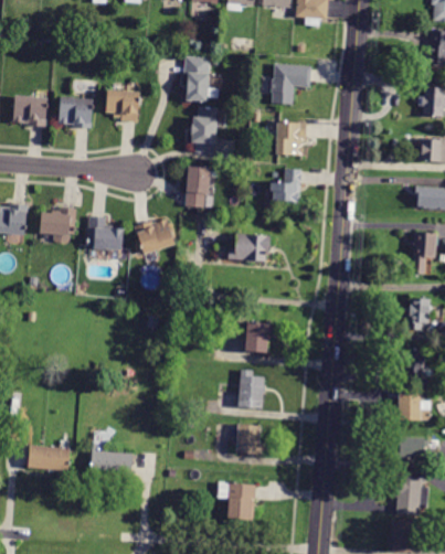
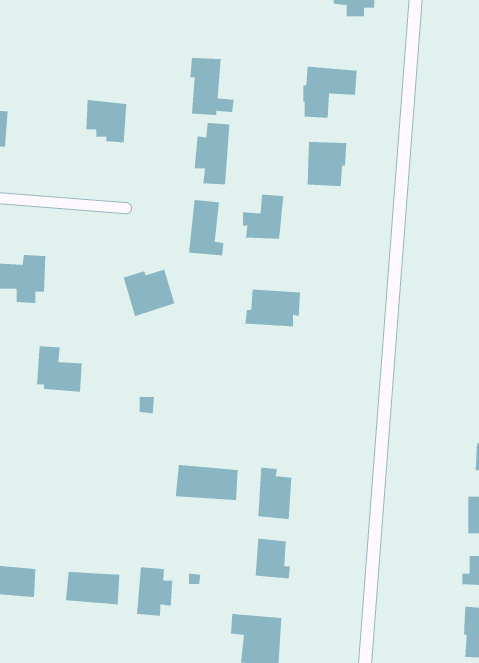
building: [59,97,93,129] -> none
building: [271,168,303,202] -> [242,194,284,239]
building: [88,216,124,252] -> [36,346,82,392]
building: [237,321,273,353] -> none
building: none -> [175,464,238,501]
building: none -> [137,566,173,617]

